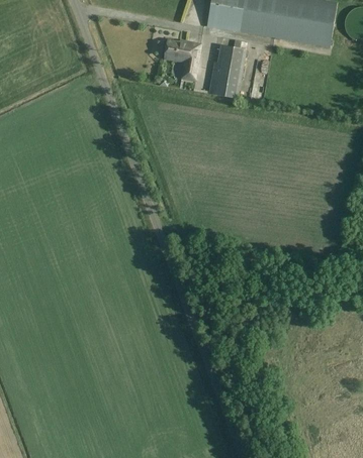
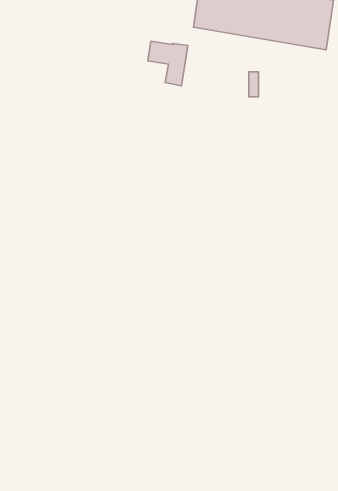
building: [207,44,245,99] -> none

